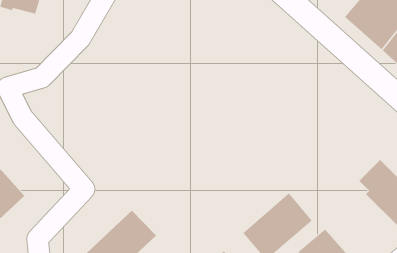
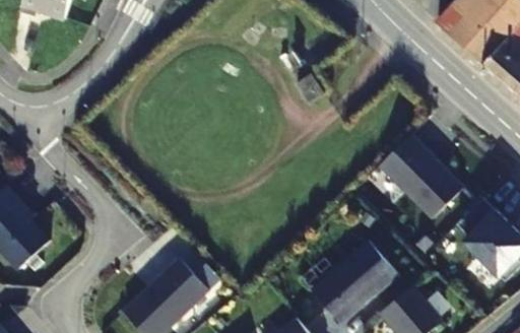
building: none -> [377,135,463,218]

